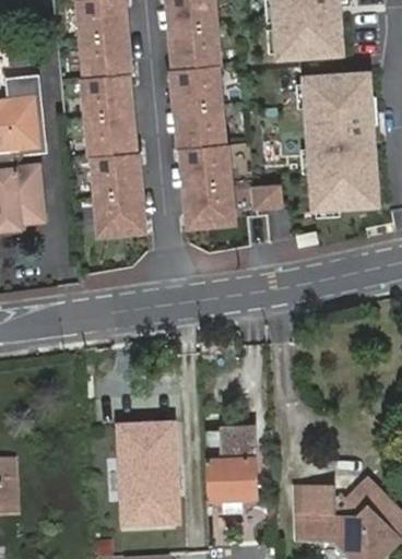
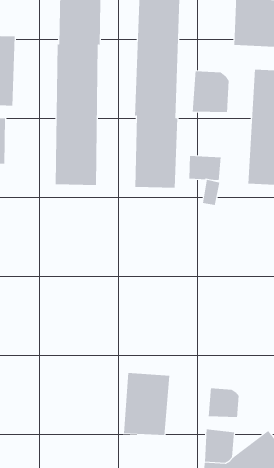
building: none -> [192,70,229,113]
building: [107,426,175,536] -> none
building: none -> [208,388,239,418]

